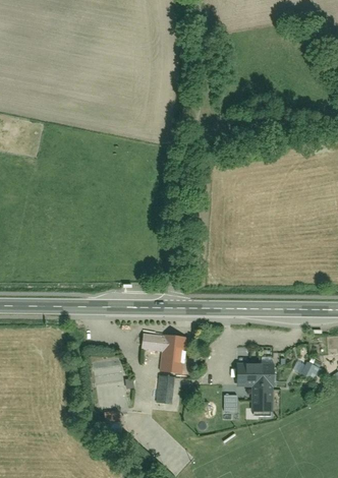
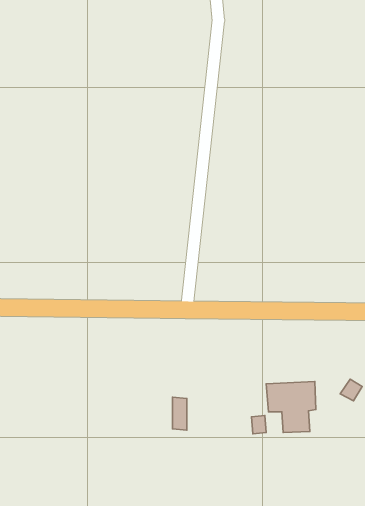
building: [140,335,182,369] -> none

